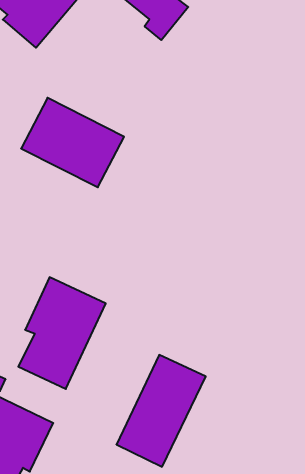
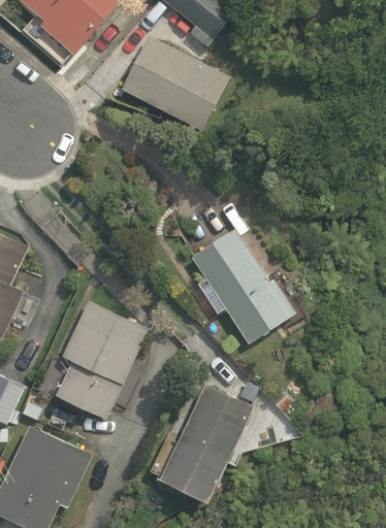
building: [21,98,124,187] -> [120,37,229,132]
building: none -> [190,225,296,343]

